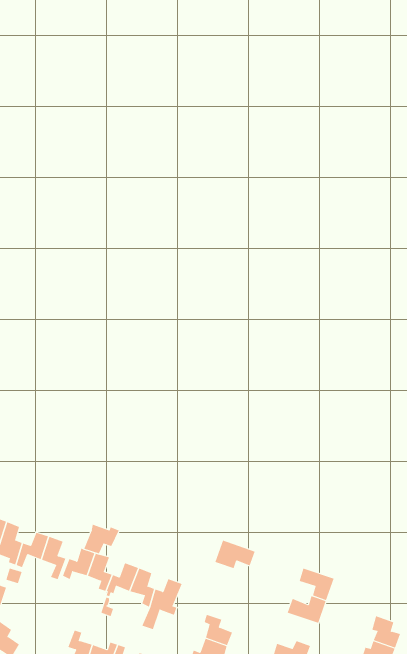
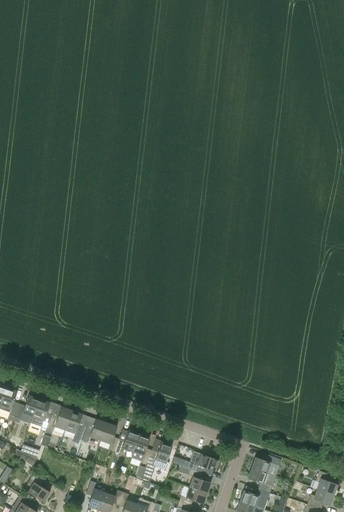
building: [84,524,119,554] -> none
building: [214,540,255,569] -> [187,451,218,473]
building: [299,568,335,601] -> [248,468,275,493]

